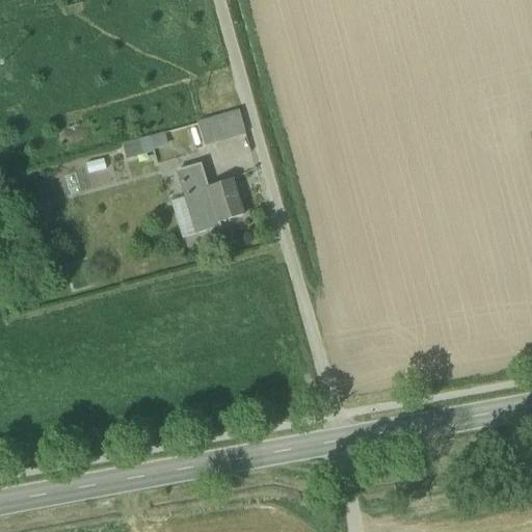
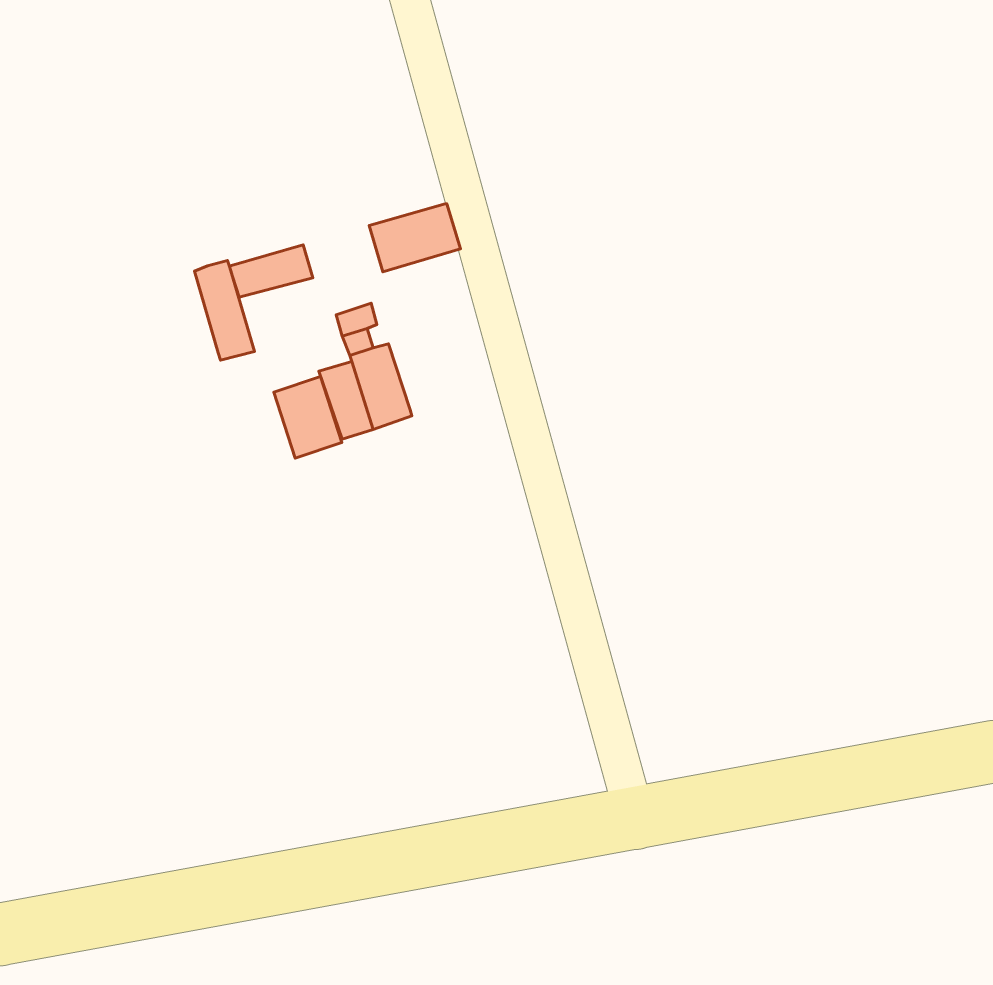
building: none -> [195,260,255,360]
building: [208,176,244,219] -> [274,376,342,458]

